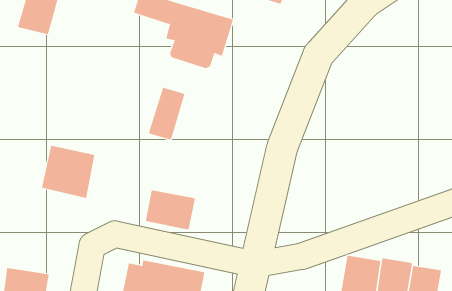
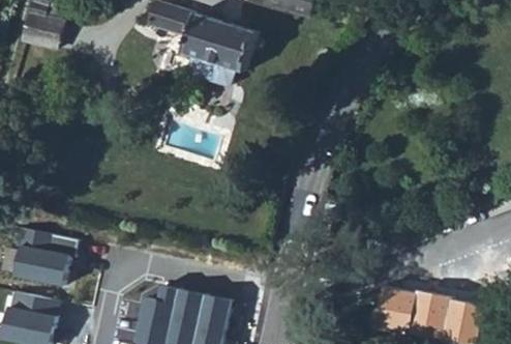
building: [149,87,185,140] -> none
building: [41,145,95,198] -> [12,228,71,286]
building: [145,189,195,230] -> none

